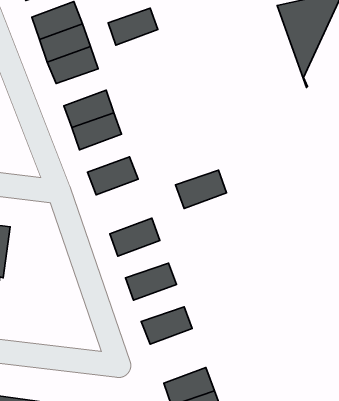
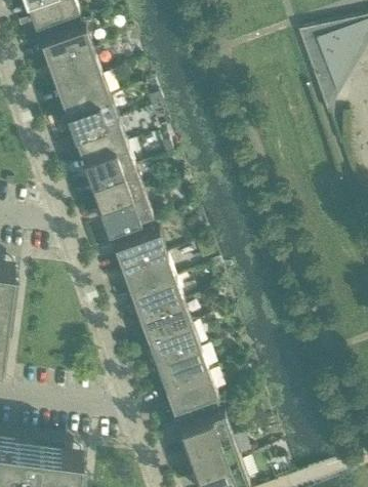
building: [108,8,158,45] -> [68,105,120,144]
building: none -> [92,173,145,213]
building: [176,170,226,208] -> [115,238,168,278]
building: none -> [132,285,186,324]
building: none -> [149,331,202,370]
building: none -> [166,377,218,417]

